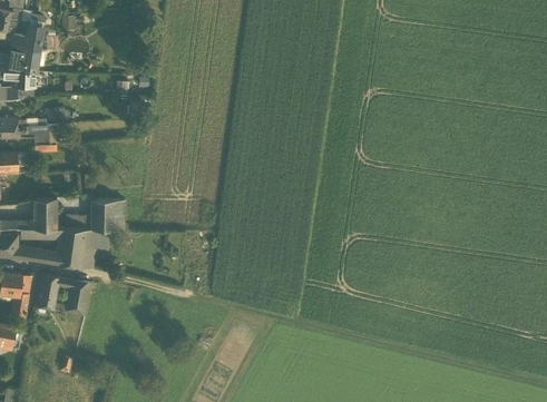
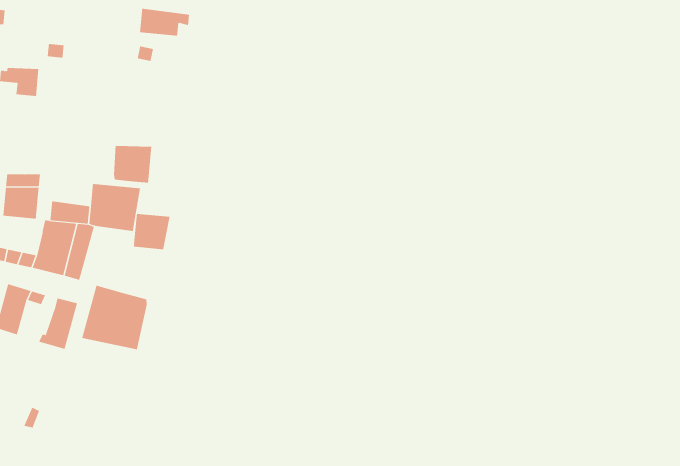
building: none -> [114,145,152,183]
building: none -> [133,213,170,250]
building: none -> [81,285,147,350]

